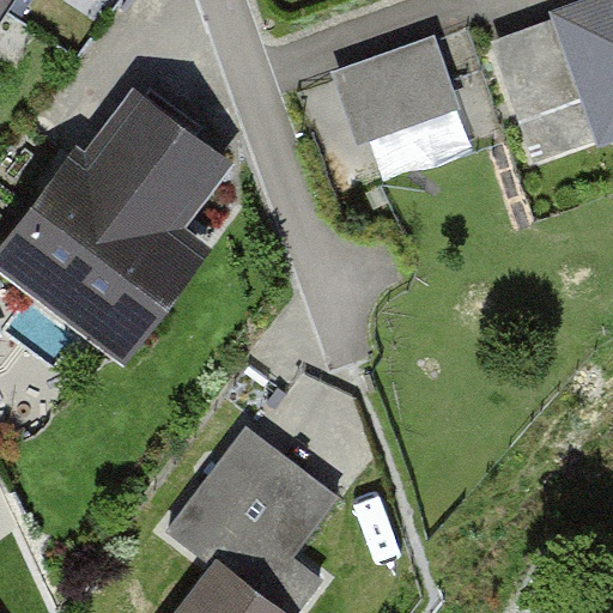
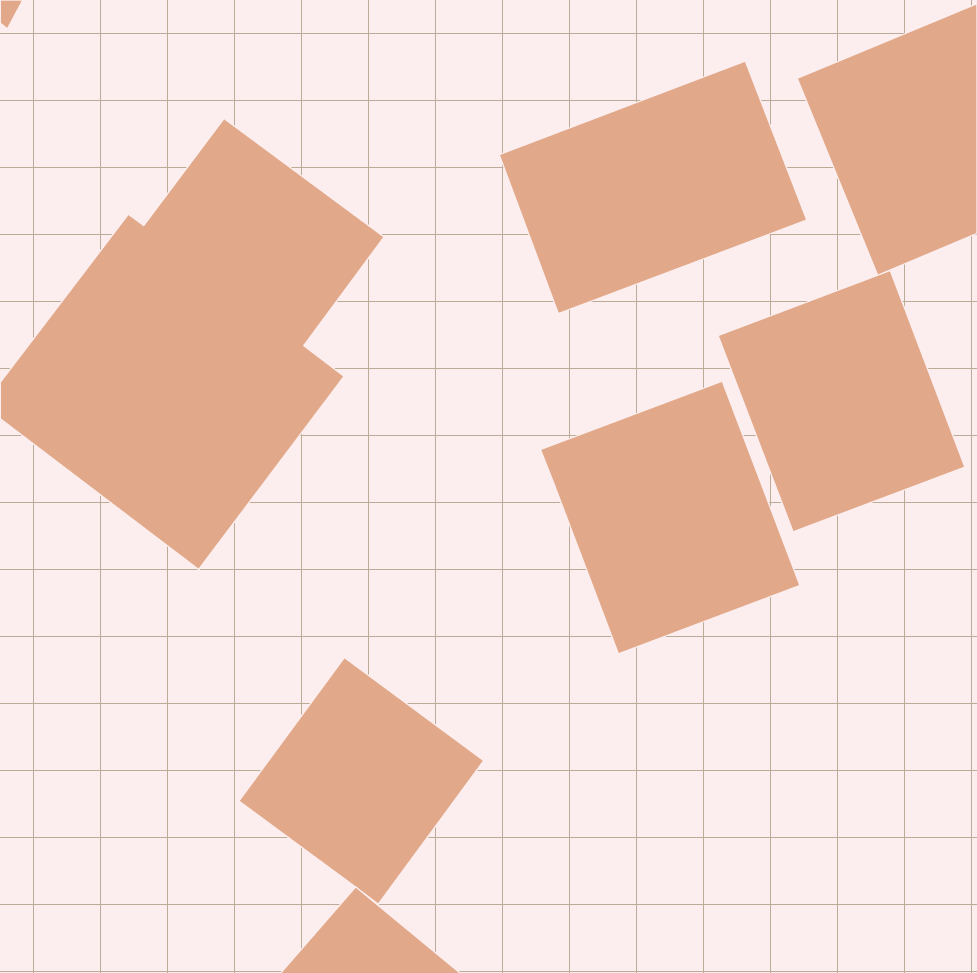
building: none -> [718,271,965,532]
building: none -> [541,381,800,654]

